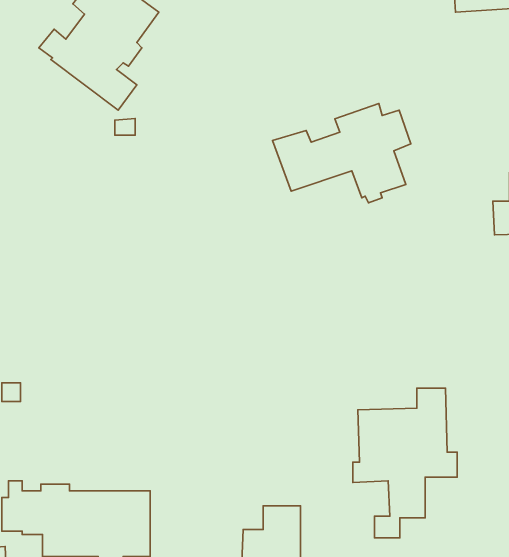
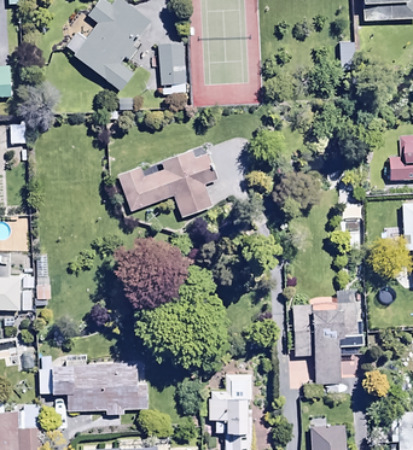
building: none -> [159,43,186,86]
building: [273,104,411,203] -> [118,148,217,220]

